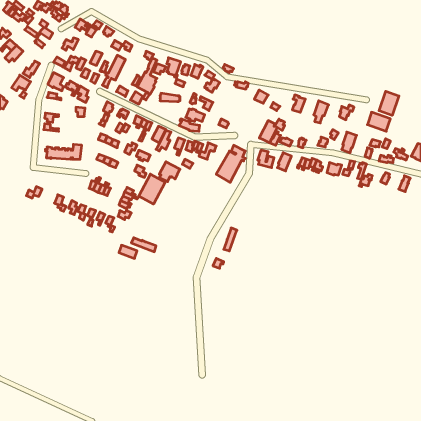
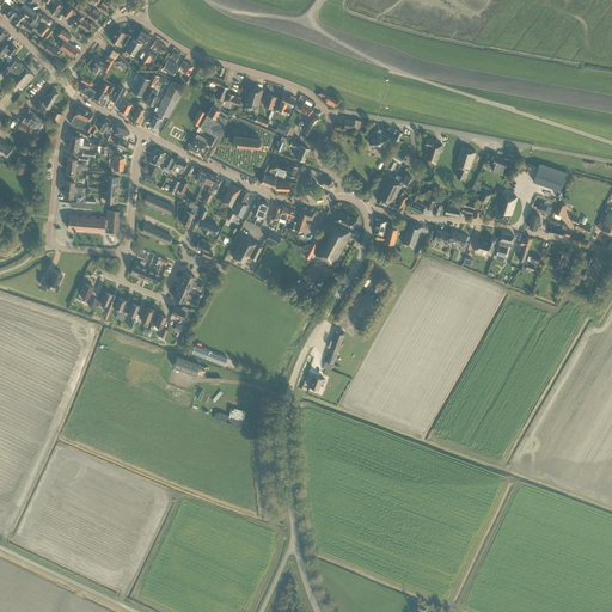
building: [379,91,399,115] -> none
building: [139,174,165,204] -> none

